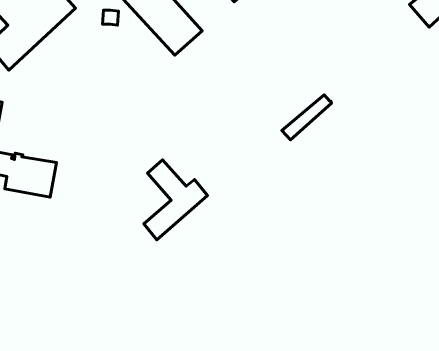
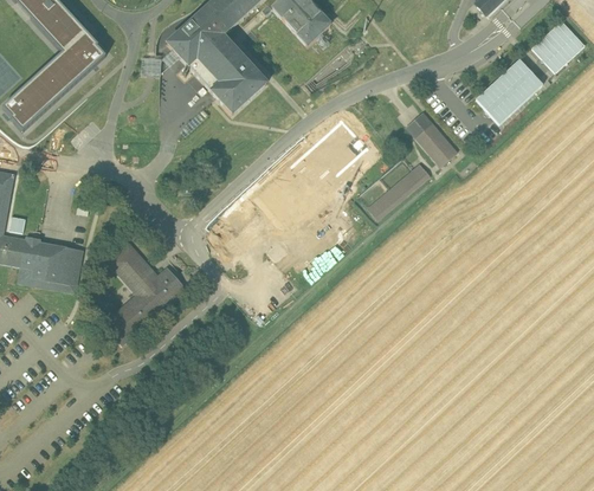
building: none -> [474,57,543,124]
building: none -> [406,112,456,166]
building: [144,160,208,240] -> [104,241,185,342]

